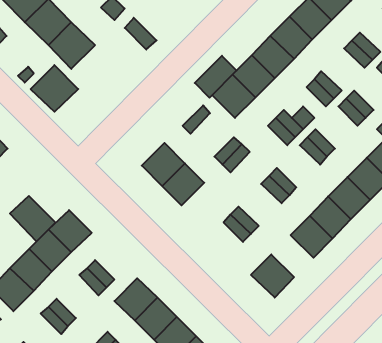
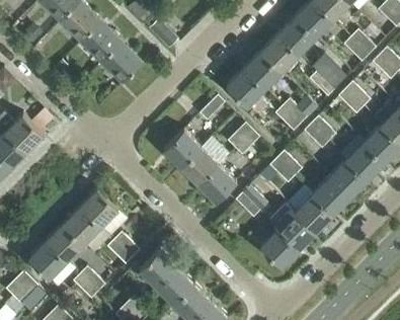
building: [195,56,237,98] -> none
building: [31,65,78,112] -> [100,42,143,83]
building: none -> [198,164,236,202]
building: [10,196,55,241] -> none
building: none -> [269,203,316,248]

